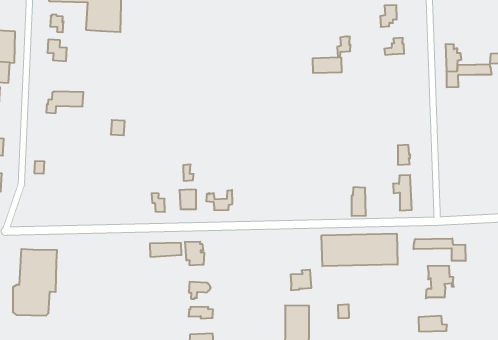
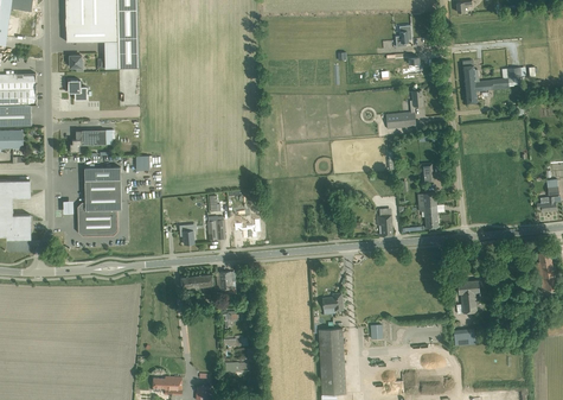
building: [313,37,351,73] -> [385,90,422,128]
building: [322,234,398,266] -> none
building: [414,238,466,261] -> none
building: [13,249,57,315] -> [78,167,121,234]

